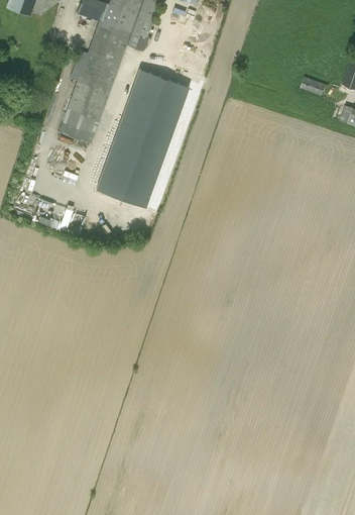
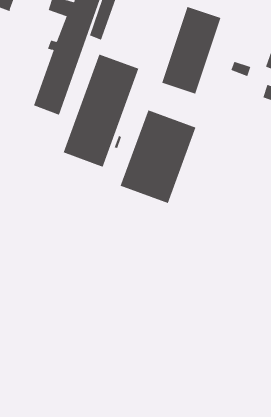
building: none -> [162,6,221,94]
building: none -> [120,110,196,204]

